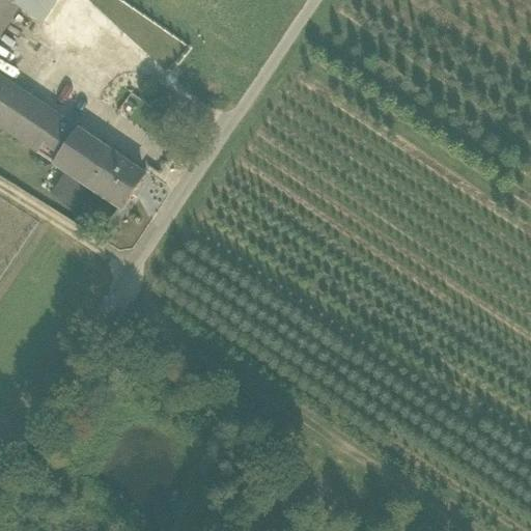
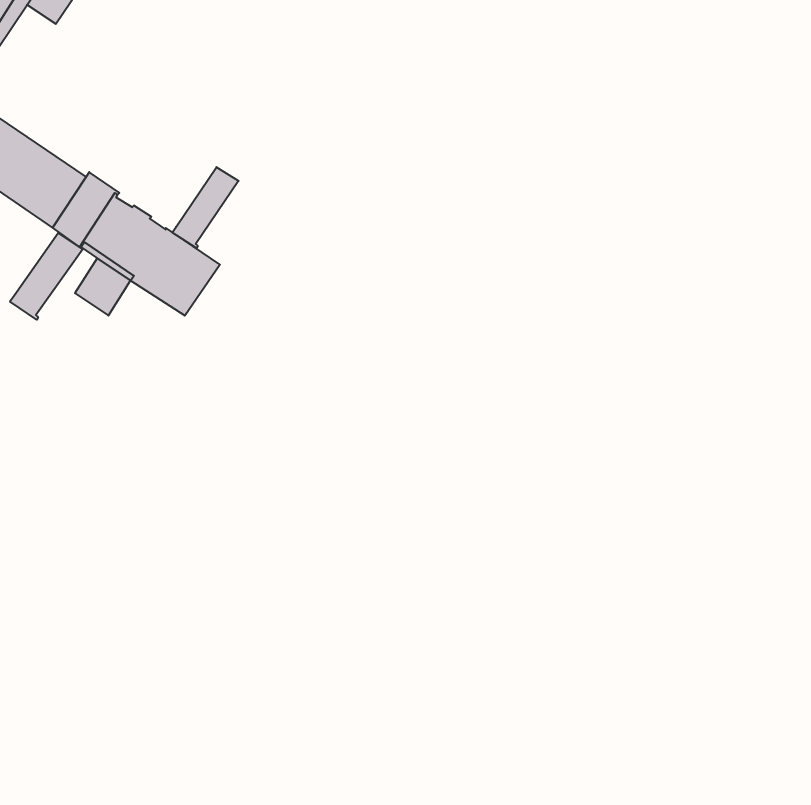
building: none -> [172,167,239,248]
building: none -> [10,233,83,320]

